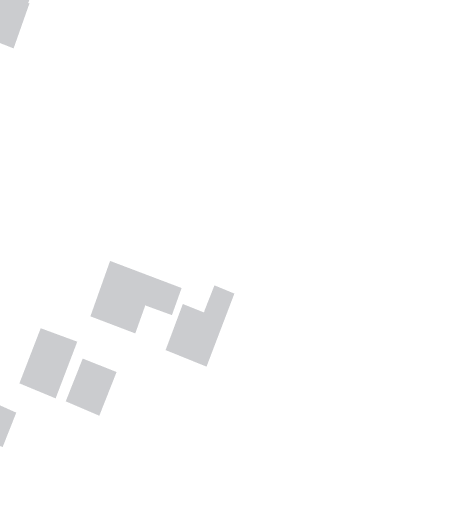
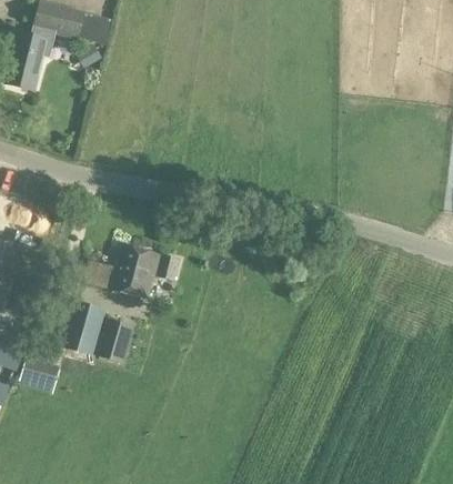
building: [165,285,235,368] -> none

